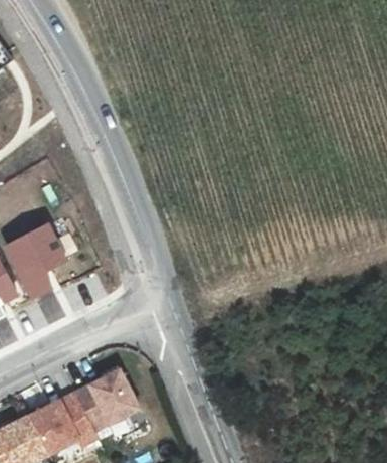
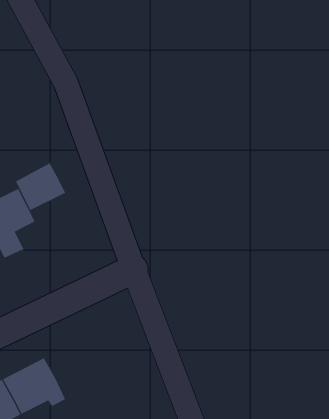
building: none -> [15,162,66,211]
building: [71,371,137,433] -> none

